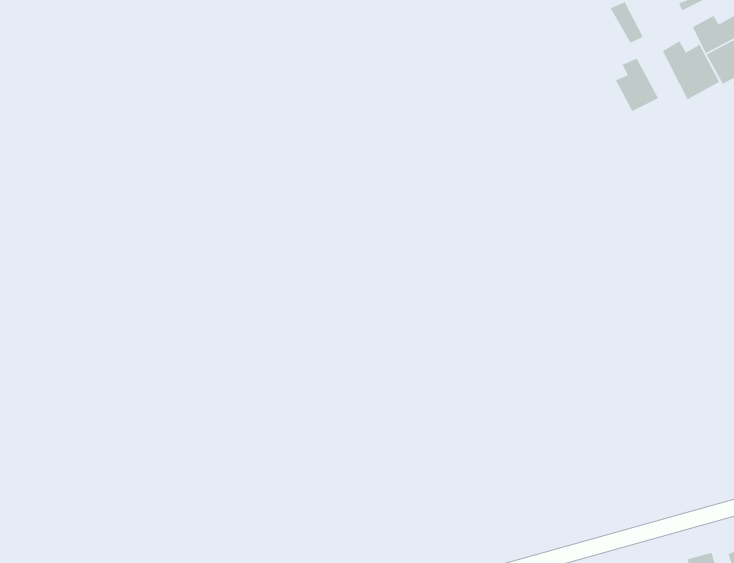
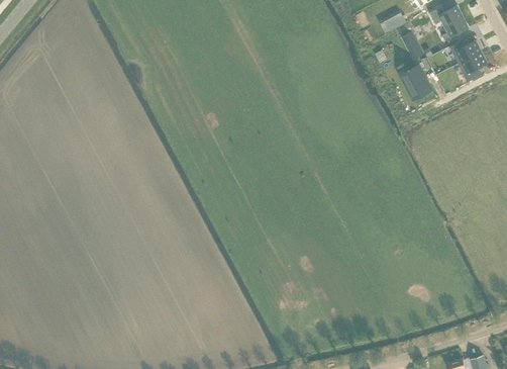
building: [662,40,720,100] -> none

